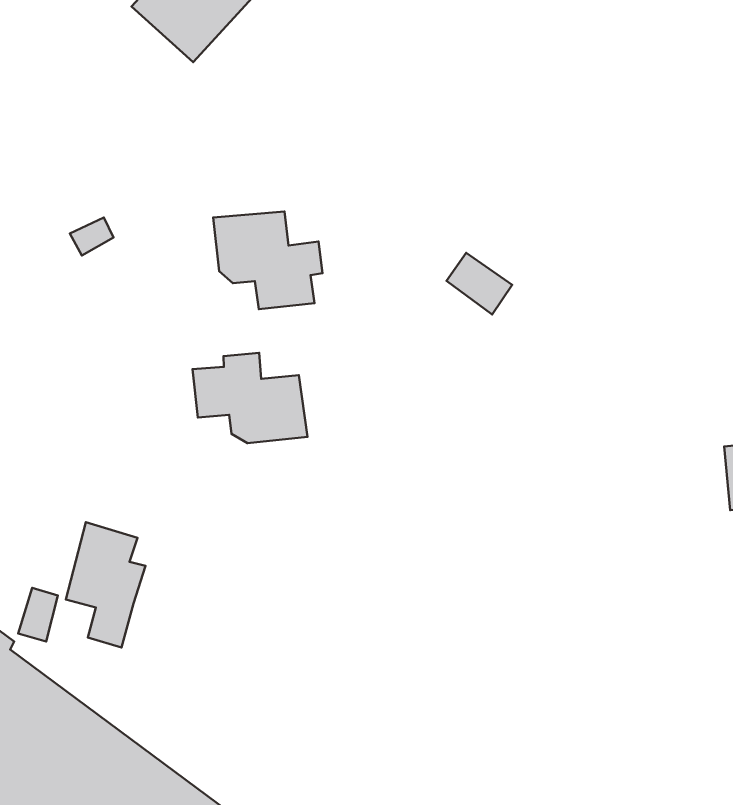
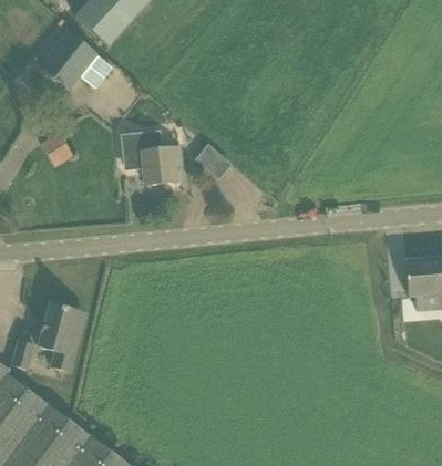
building: none -> [35,30,95,91]
building: [446,253,512,315] -> [195,143,232,177]
building: [193,353,307,443] -> none

